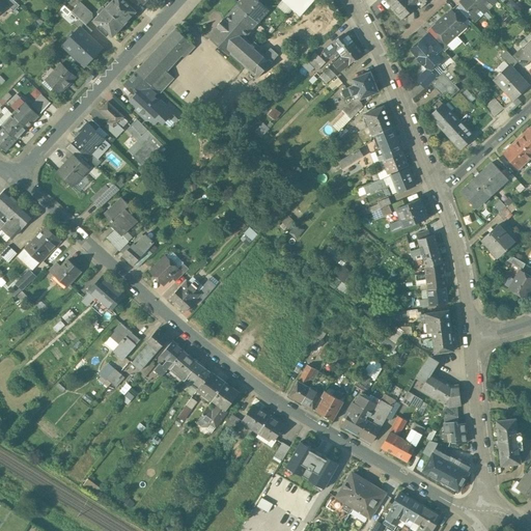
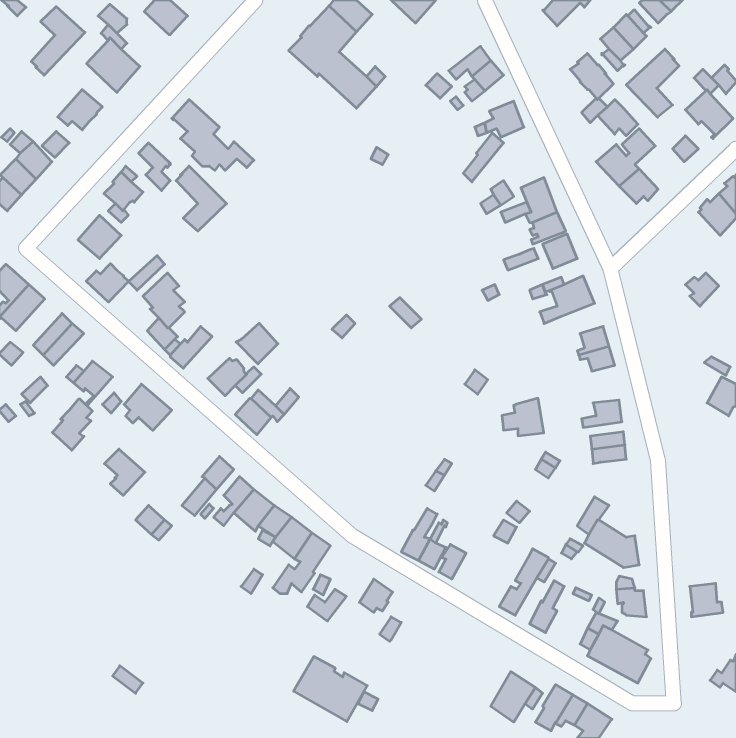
building: none -> [31,7,85,75]
building: [93,8,121,36] -> none
building: [136,28,194,93] -> none
building: none -> [626,49,679,117]
building: [364,107,391,136] -> none
building: [459,162,507,208] -> none
building: none -> [86,264,129,302]
building: [481,225,513,257] -> none
building: none -> [236,323,278,364]
building: [415,262,445,289] -> [502,398,544,436]
building: none -> [52,399,92,450]
building: [110,324,139,357] -> [104,449,145,495]
building: [419,330,452,354] -> none
building: [341,394,380,436] -> none
building: [241,404,269,432] -> none
building: [392,429,420,462] -> none
building: [497,440,521,465] -> none
building: [285,442,338,488] -> [294,657,367,722]
building: [336,473,367,513] -> none

